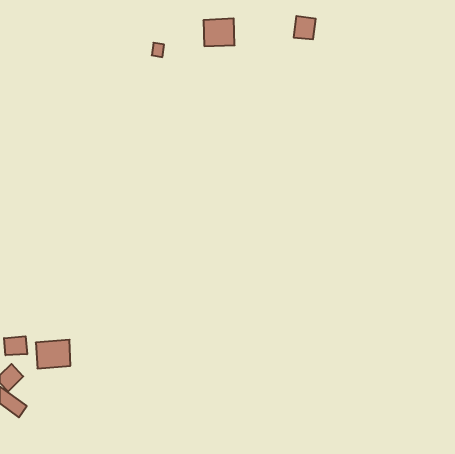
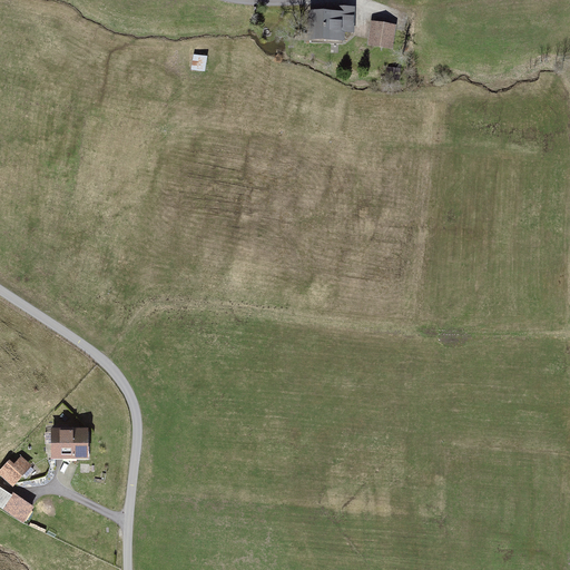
building: [203,18,235,46] -> [317,7,356,41]
building: [4,336,27,355] -> none

